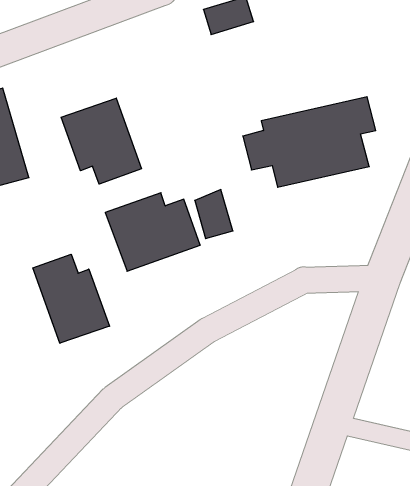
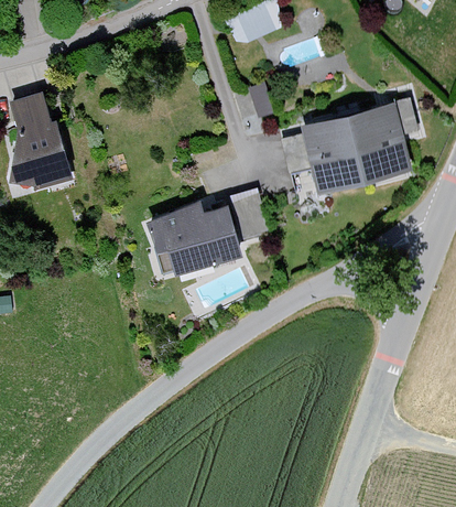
building: [61,98,142,184] -> none
building: [33,254,110,343] -> none

